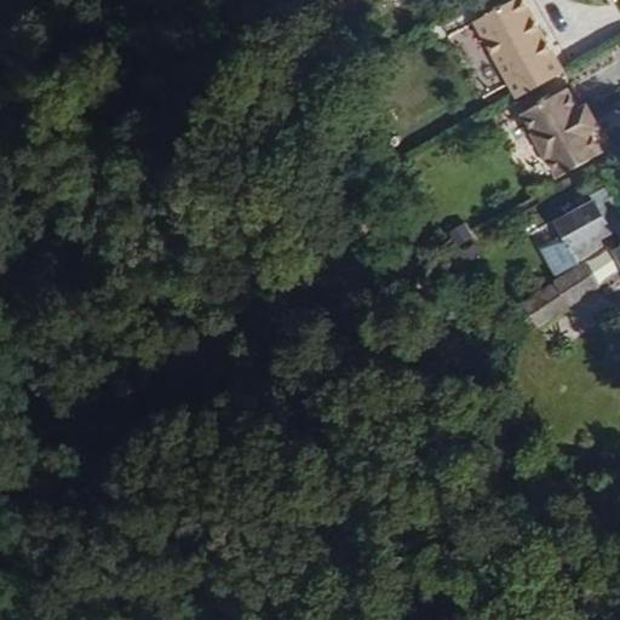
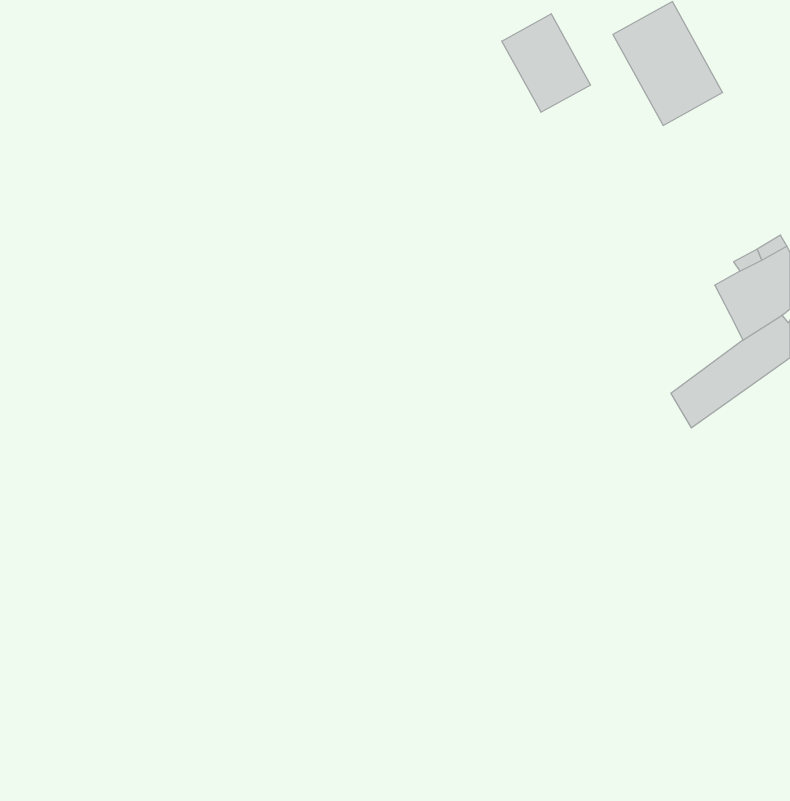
building: none -> [502,14,591,112]
building: [517,88,597,176] -> none

